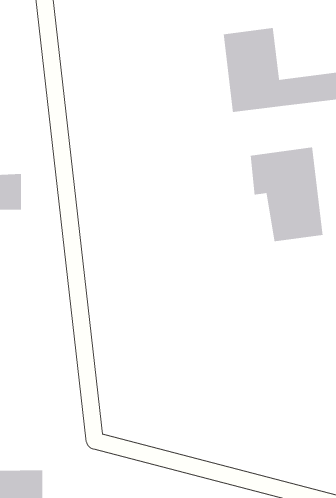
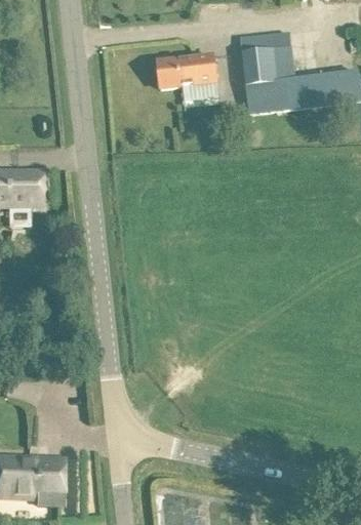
building: none -> [157,56,215,104]
building: [250,147,323,242] -> none

